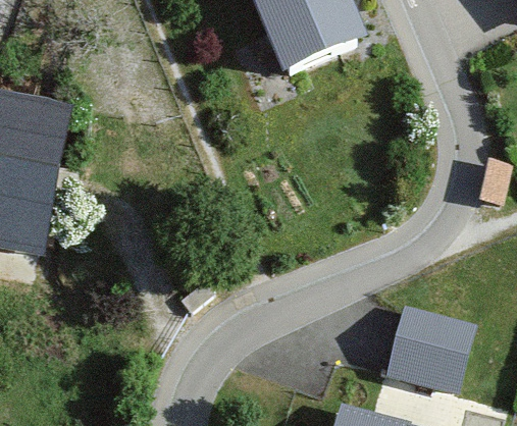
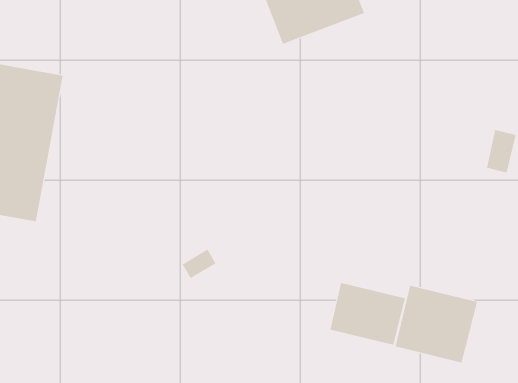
building: none -> [330,282,405,345]

